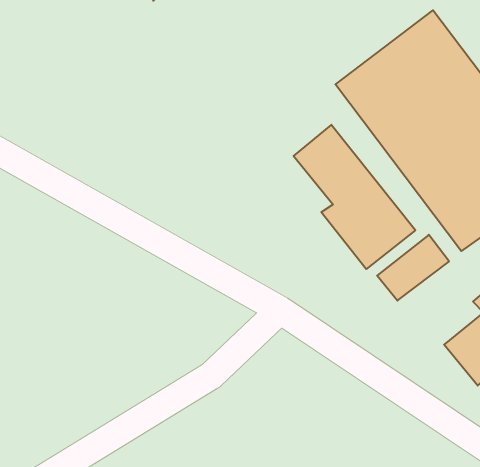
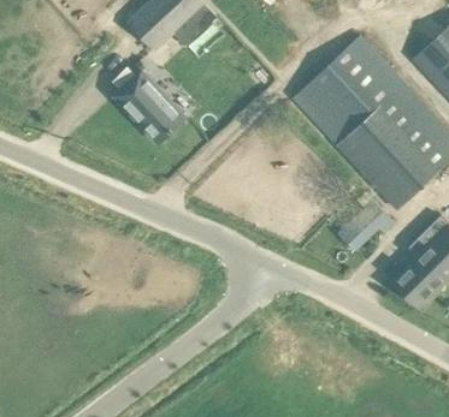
building: none -> [114,71,184,142]
building: [294,125,415,269] -> none

